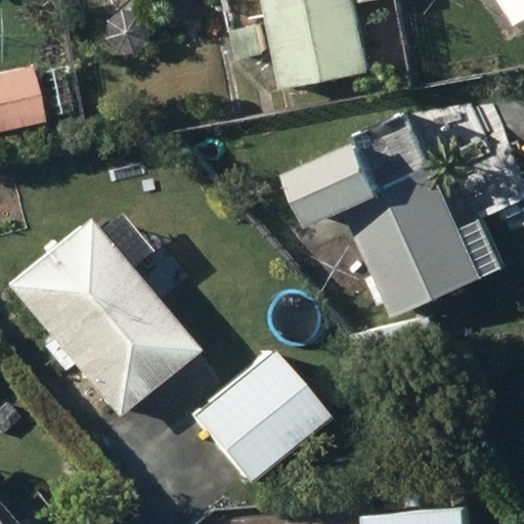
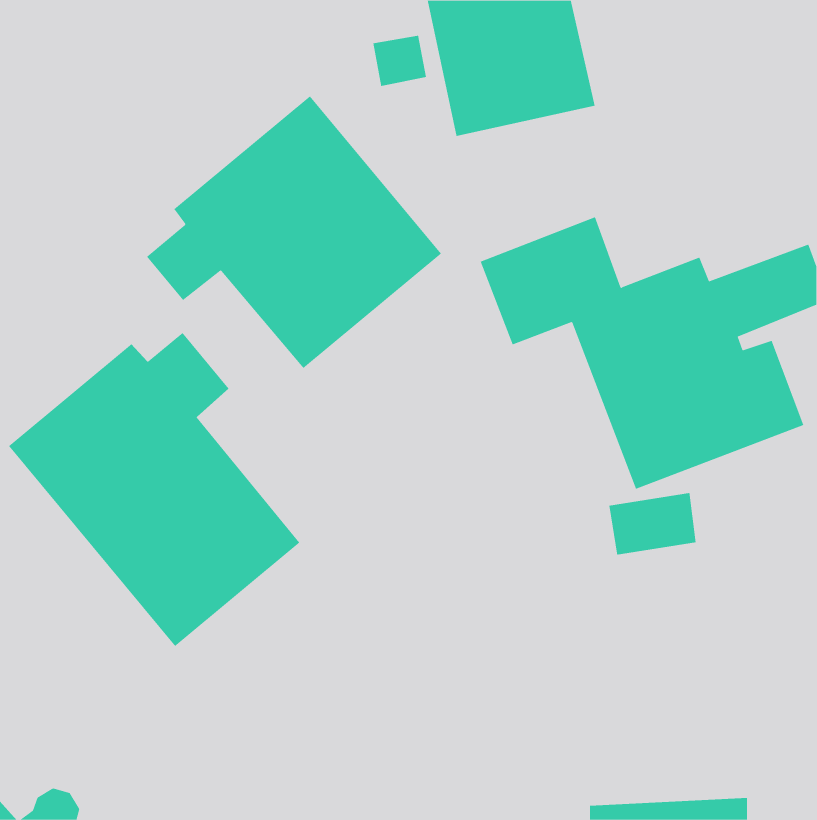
building: none -> [146,95,442,369]
building: [192,350,323,480] -> none

